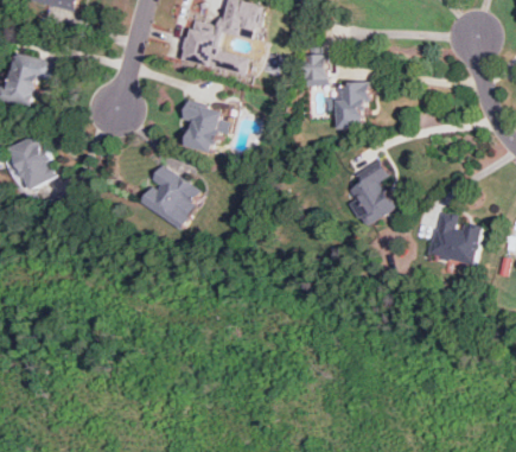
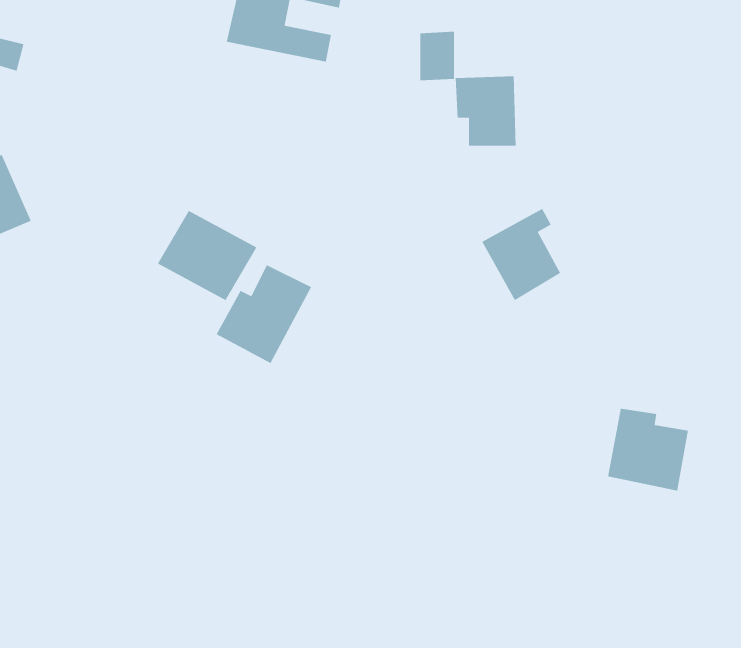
building: [181,102,227,151] -> none
building: none -> [216,264,312,364]
building: [428,211,480,265] -> [607,408,689,492]

